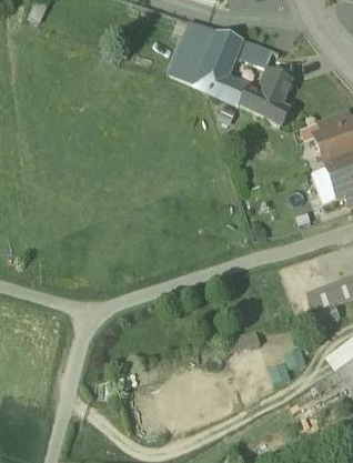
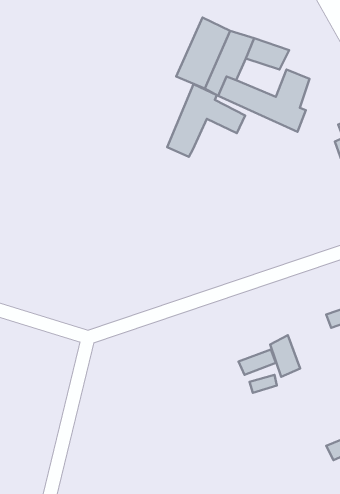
building: none -> [167,84,245,157]
building: none -> [270,335,300,377]

